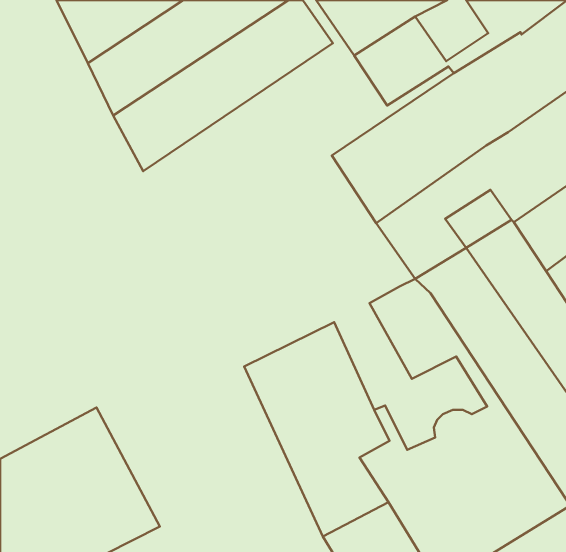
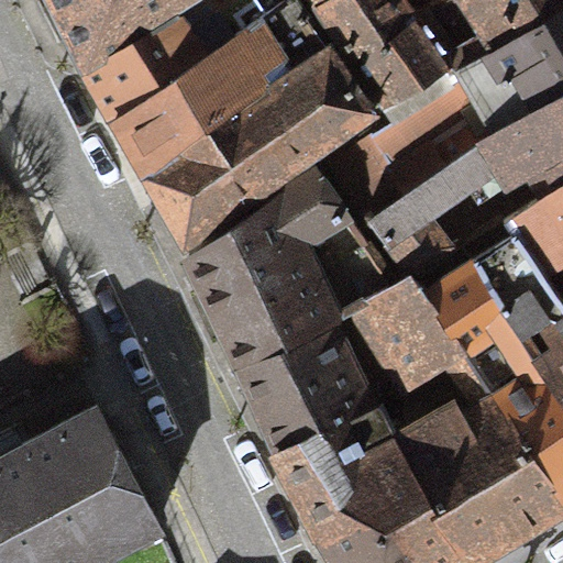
building: none -> [143,58,376,254]
building: none -> [187,180,397,378]

